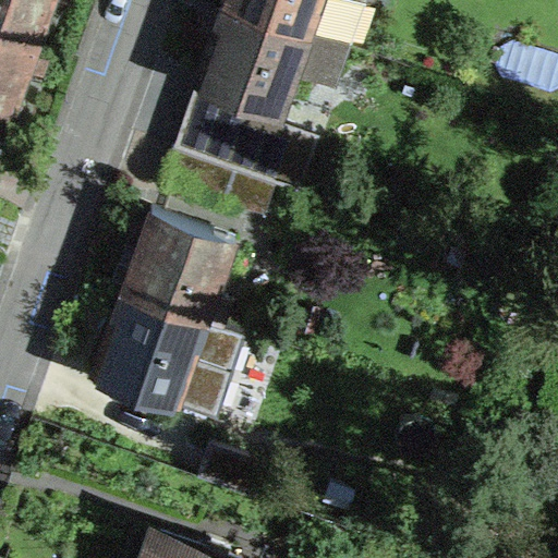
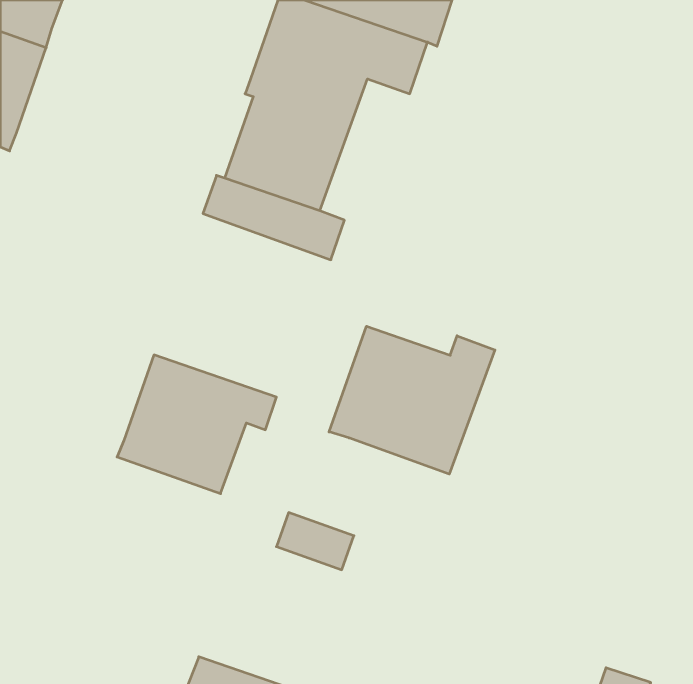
building: [125,210,236,327] -> none
building: none -> [329,326,495,474]

